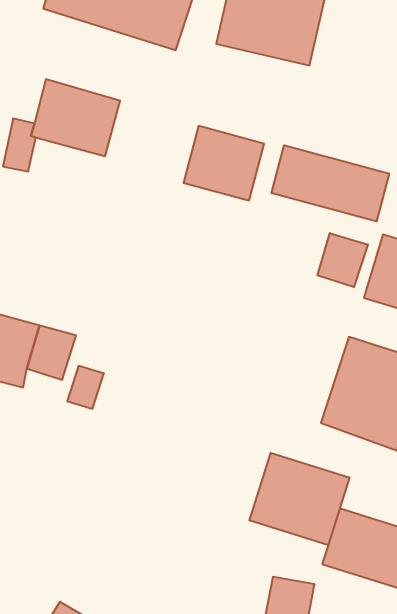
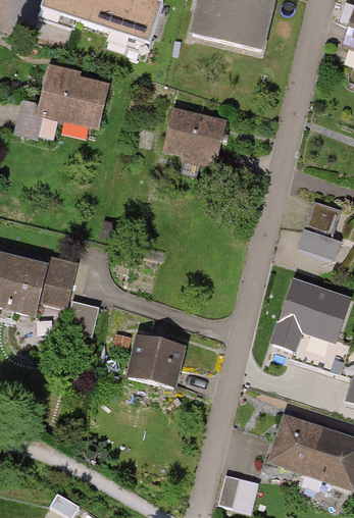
building: [272,145,389,221] -> none
building: [317,233,368,287] -> none
building: none -> [125,332,181,391]
building: [249,453,350,545] -> none

